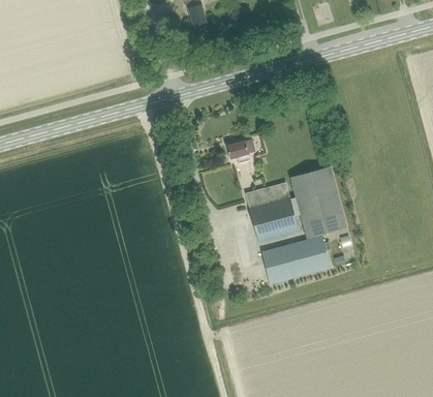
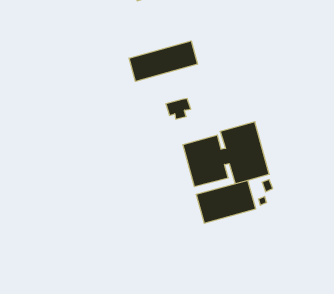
building: none -> [129,41,197,81]

